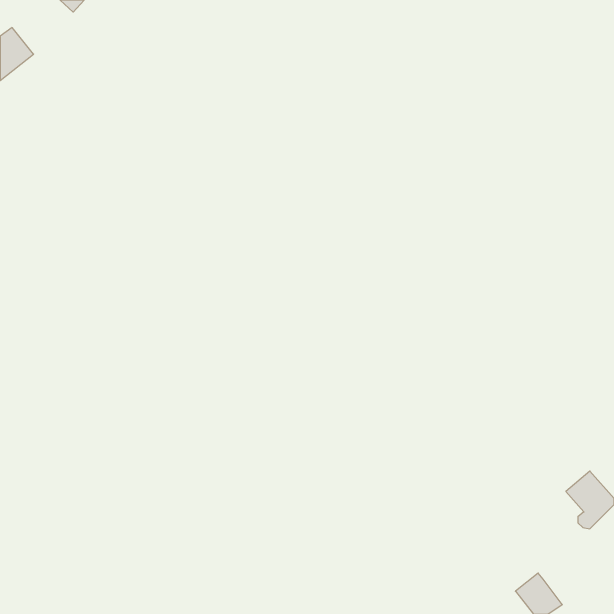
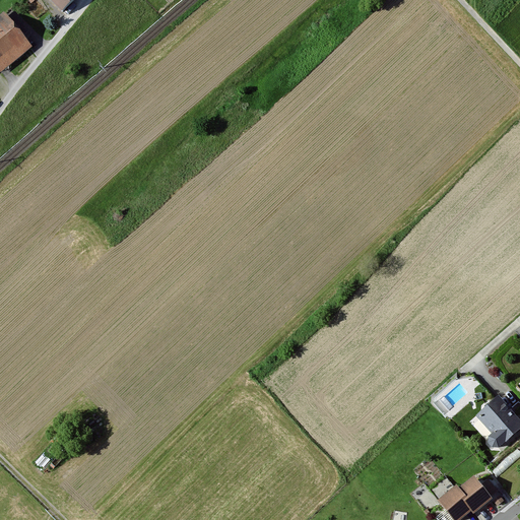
building: none -> [459,478,500,511]

